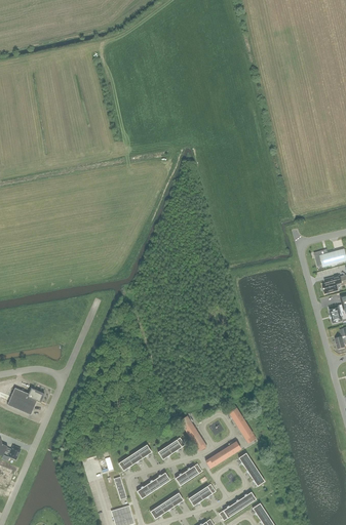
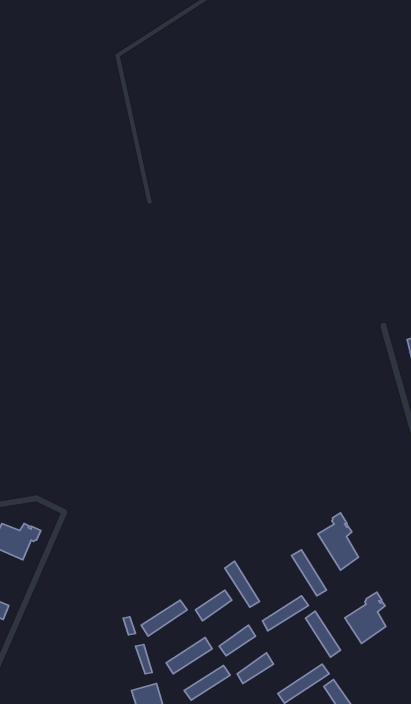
building: none -> [318,513,358,570]
building: none -> [345,592,386,644]

